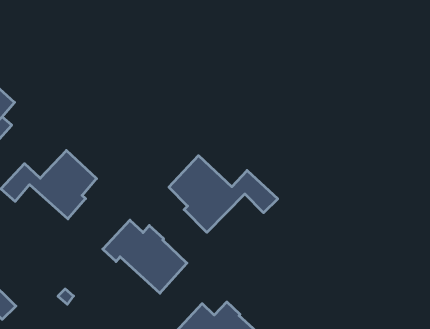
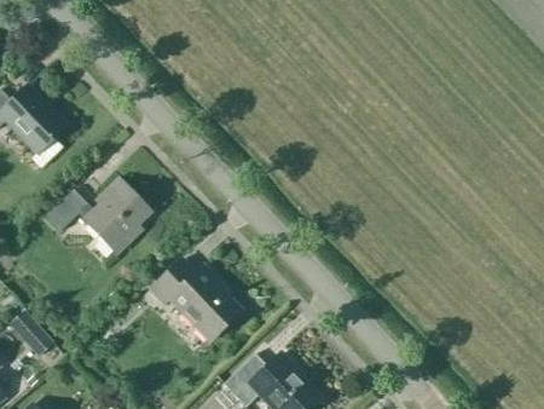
building: [169,156,278,232] -> none

